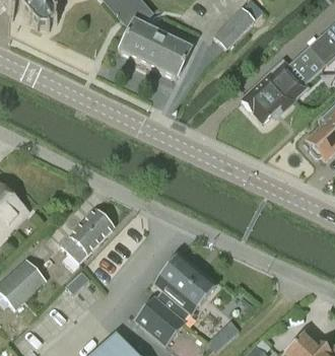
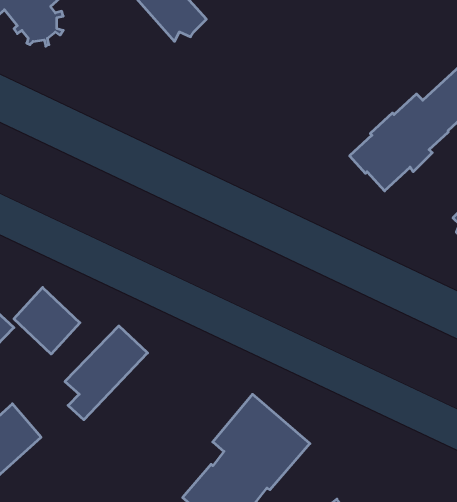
building: [213,7,255,50] -> none
building: [119,21,191,78] -> none
building: none -> [14,287,80,354]

